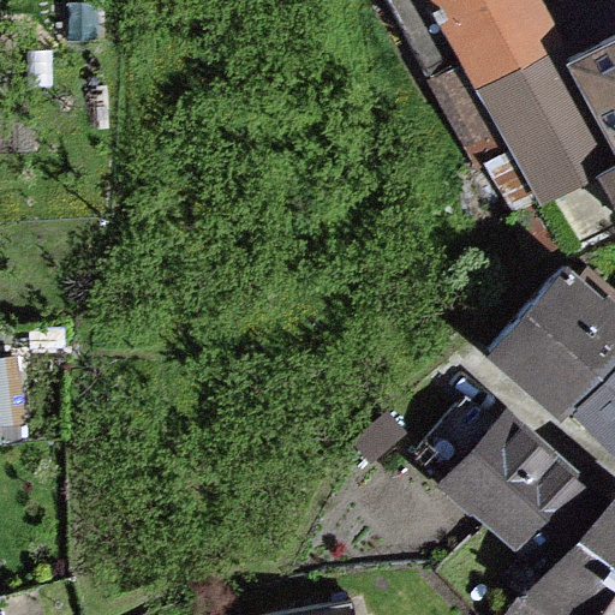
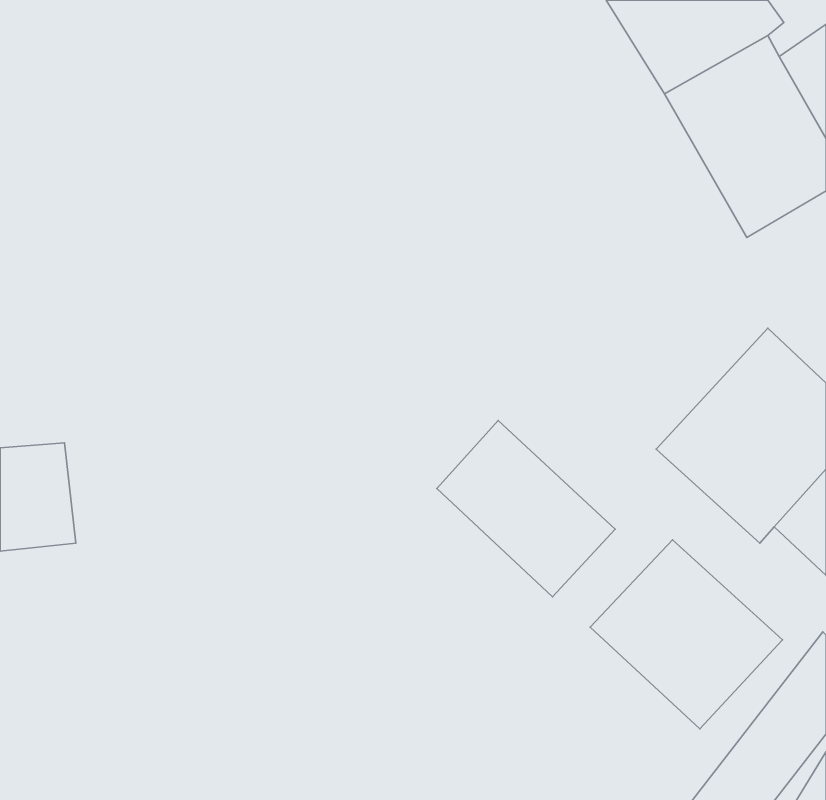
building: none -> [437,421,615,597]

